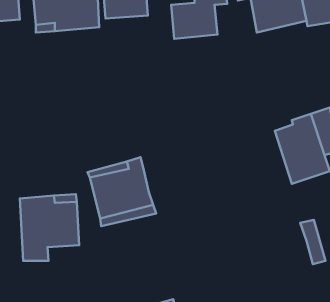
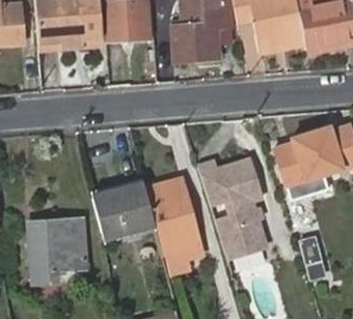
building: none -> [199,156,268,261]
building: none -> [145,176,202,254]

